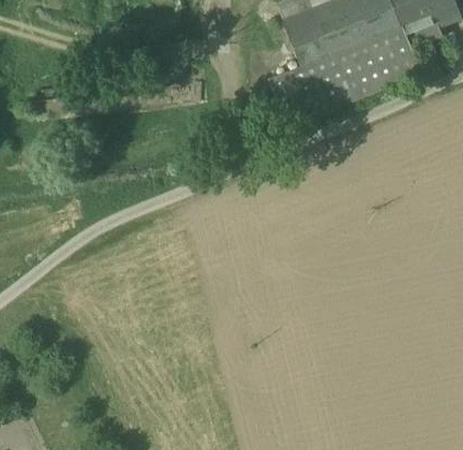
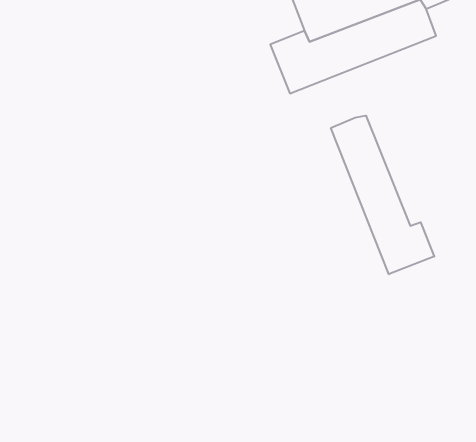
building: none -> [331,116,434,274]

